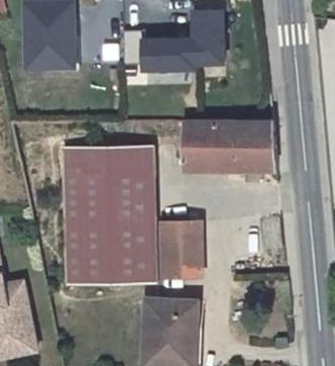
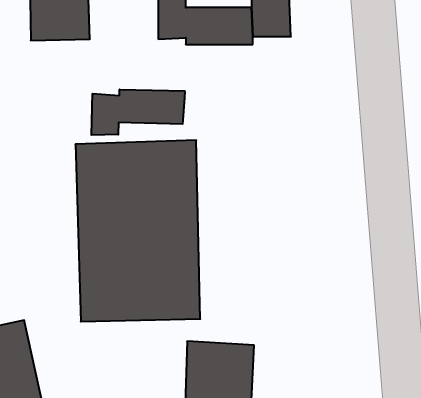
building: none -> [91,89,185,135]
building: [184,119,277,169] -> none
building: [164,221,203,275] -> none

